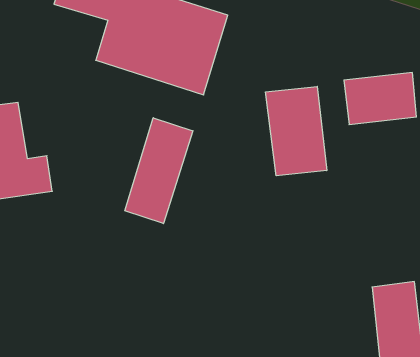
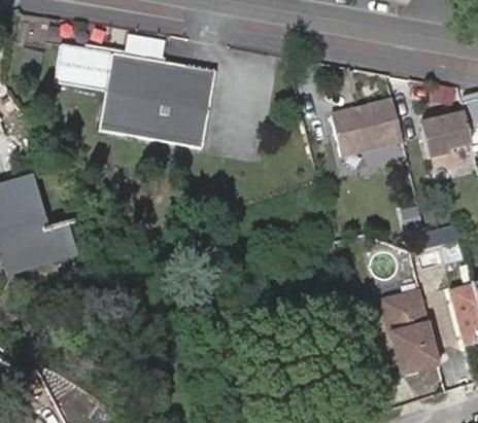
building: [266,86,327,176] -> none
building: [125,118,193,224] -> none

